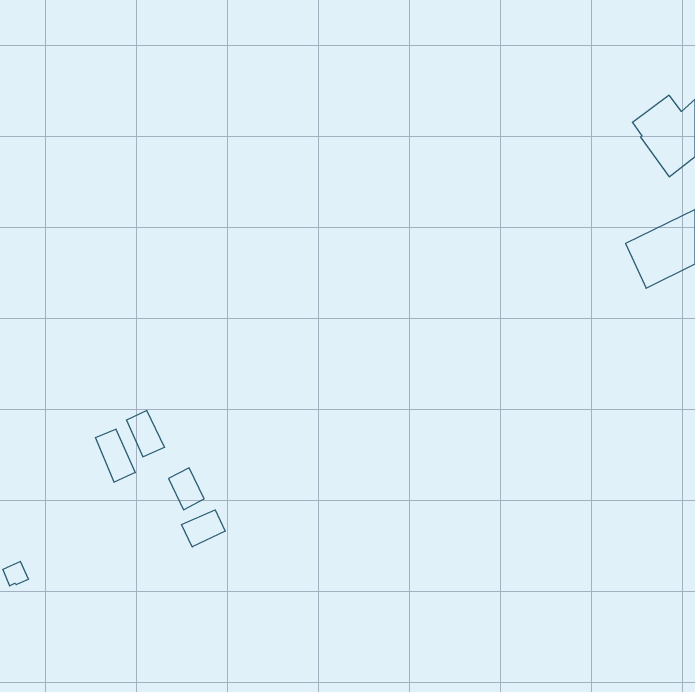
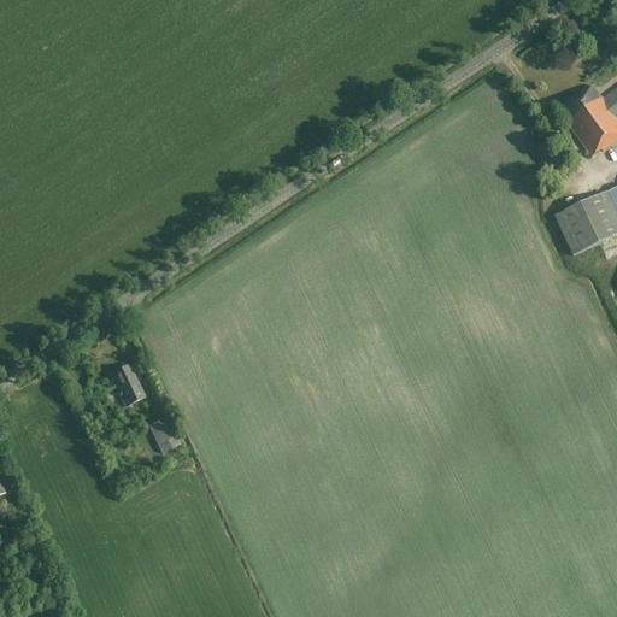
building: [96,429,135,482] -> none
building: [181,510,225,547] -> none

